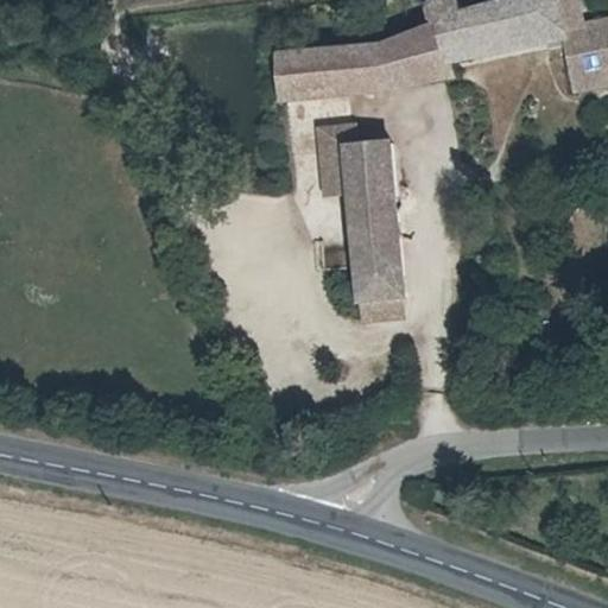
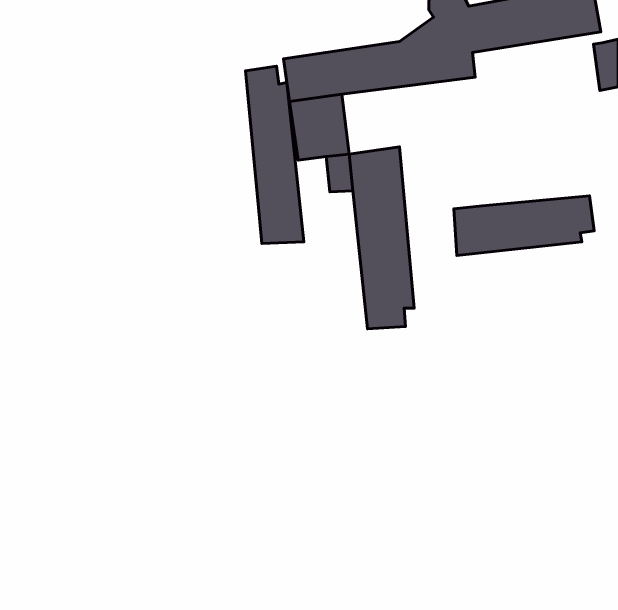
building: none -> [245,66,304,244]
building: none -> [454,196,594,256]

